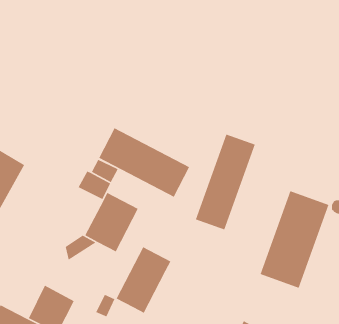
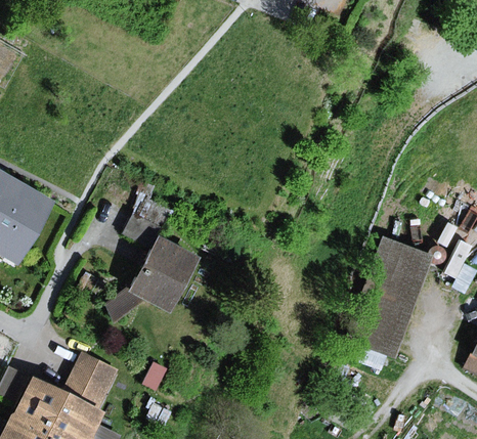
building: [98,127,190,198] -> none
building: [195,133,256,230] -> none
building: [115,246,172,314] -> none

